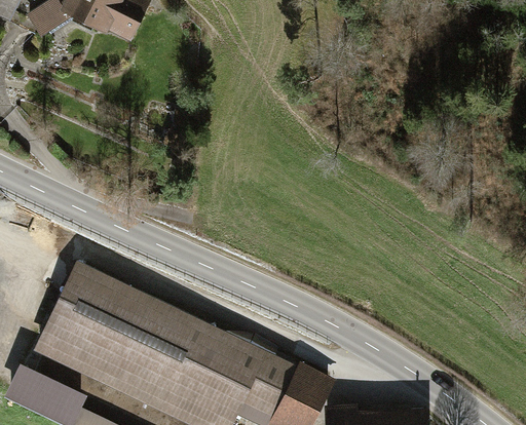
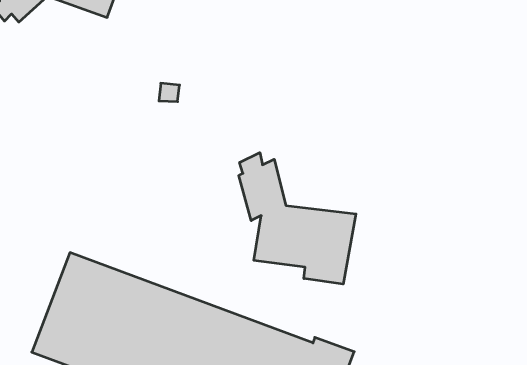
building: none -> [239,153,356,284]

